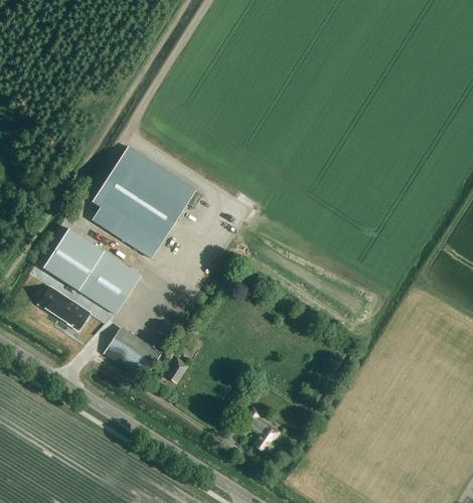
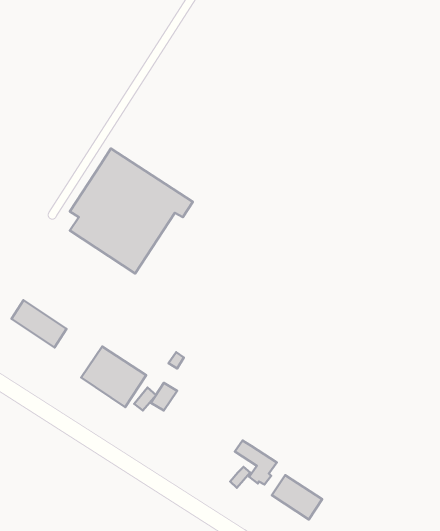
building: [44,228,140,313] -> none
building: none -> [272,475,322,519]

